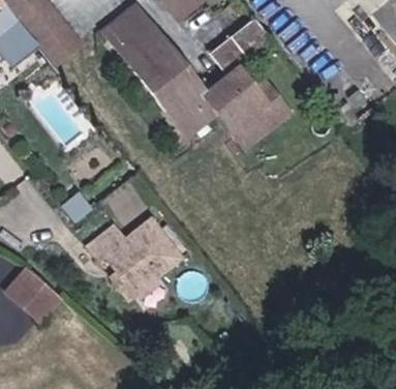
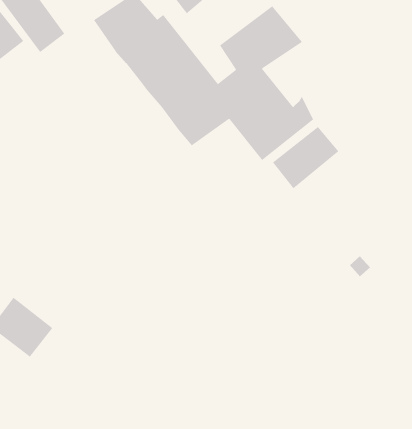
building: none -> [272,126,339,189]
building: [98,214,191,295] -> none

